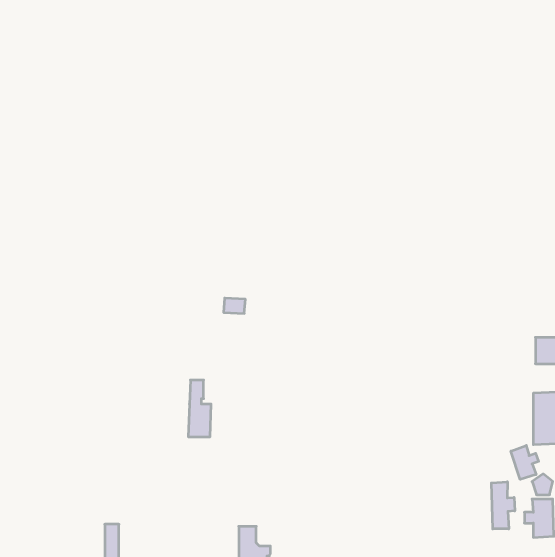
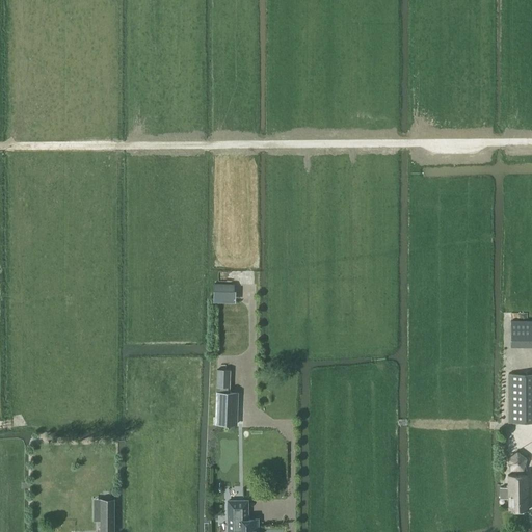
building: [188,380,211,437] -> [217,371,239,425]
building: [511,445,539,479] -> none
building: [491,482,515,529] -> none

